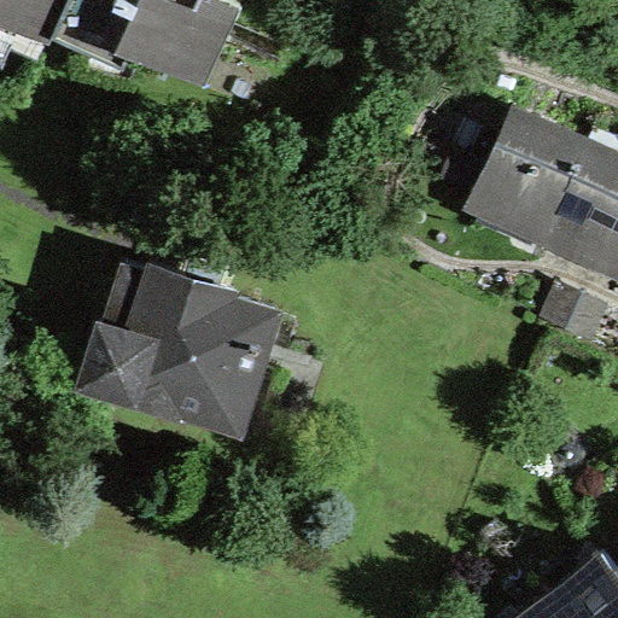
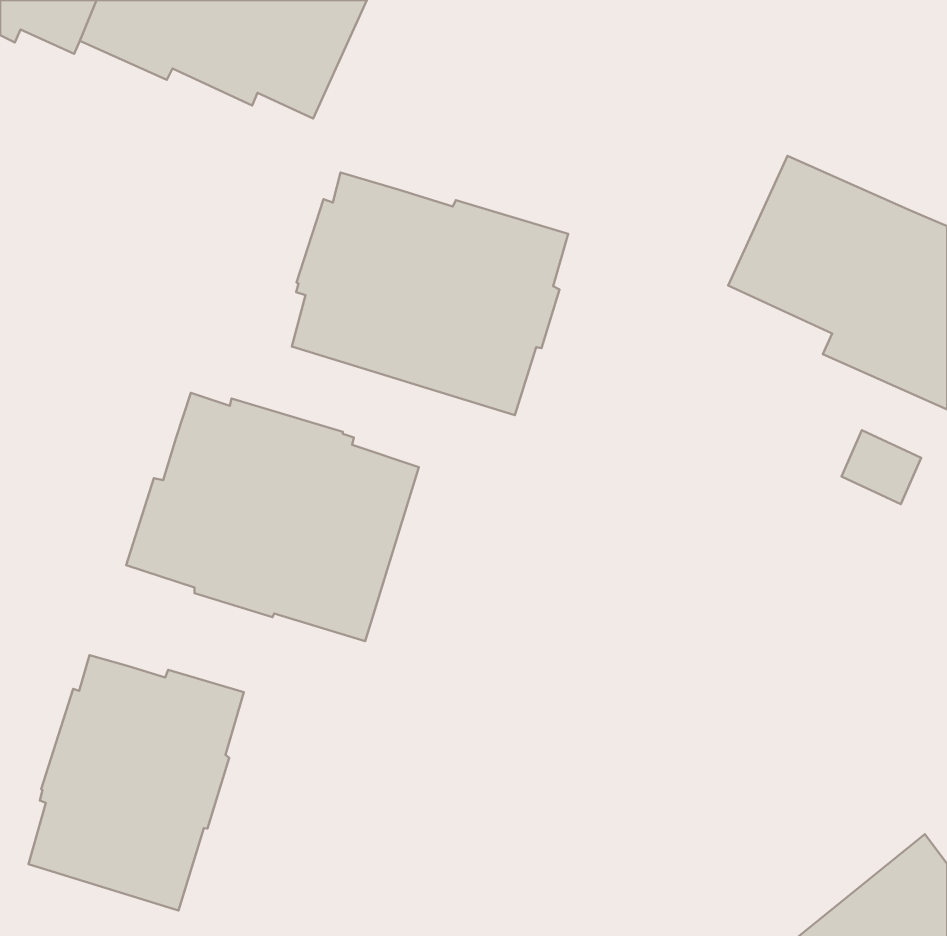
building: none -> [292,173,568,415]
building: none -> [28,655,244,910]

